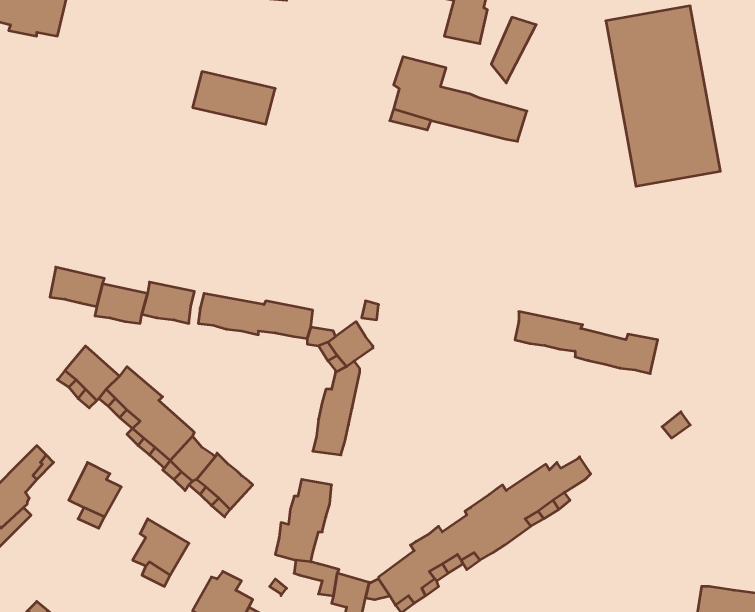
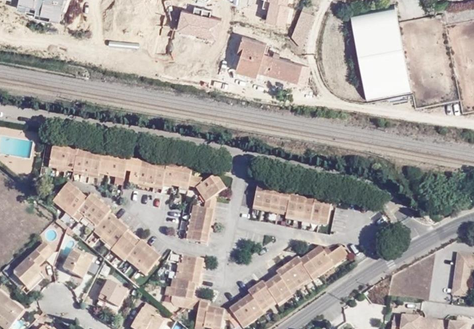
building: [193,72,275,124] -> [174,12,218,40]
building: [515,312,658,374] -> [255,183,331,216]

